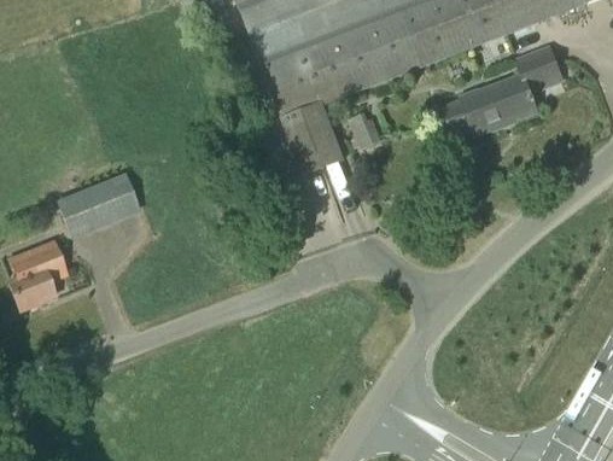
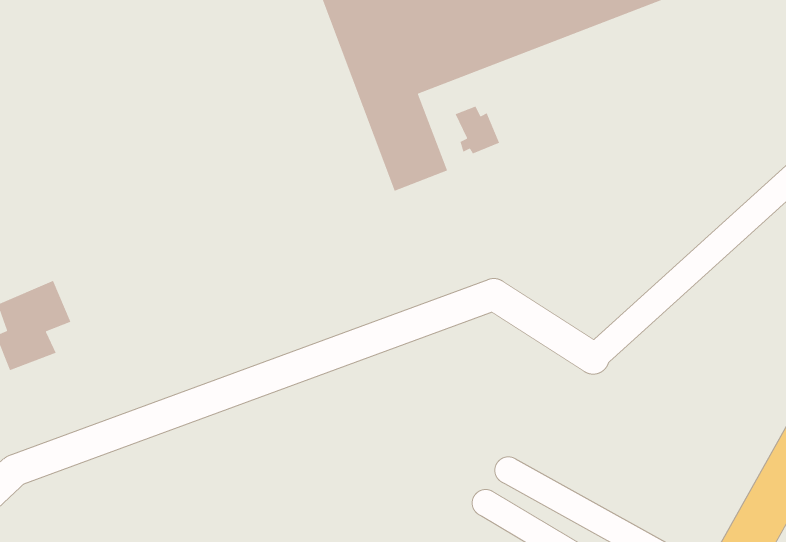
building: [443,56,554,136] -> none
building: [57,173,140,238] -> none

